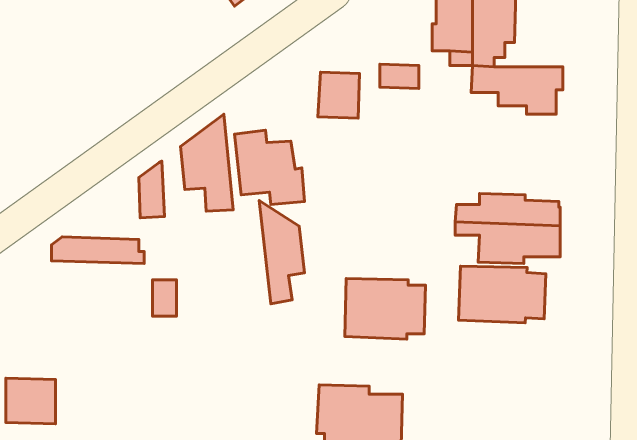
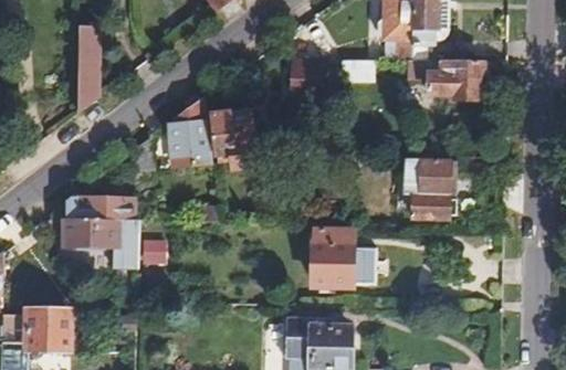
building: none -> [76,15,102,114]
building: [259,200,305,304] -> none
building: none -> [64,218,140,249]
building: [459,266,546,323] -> none

